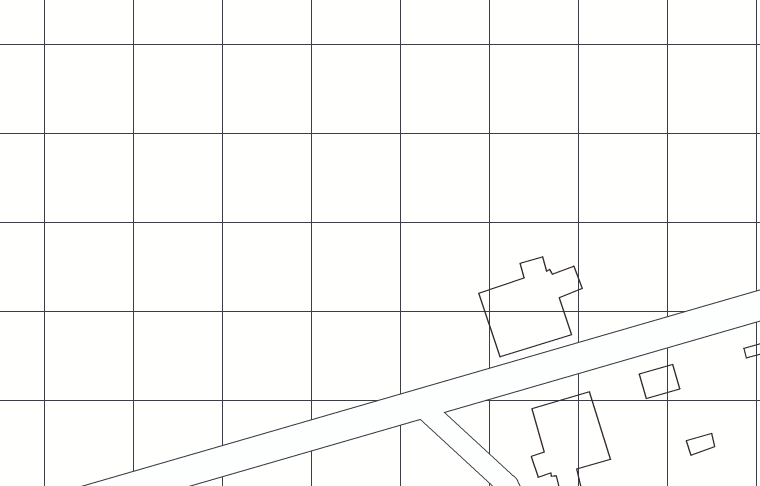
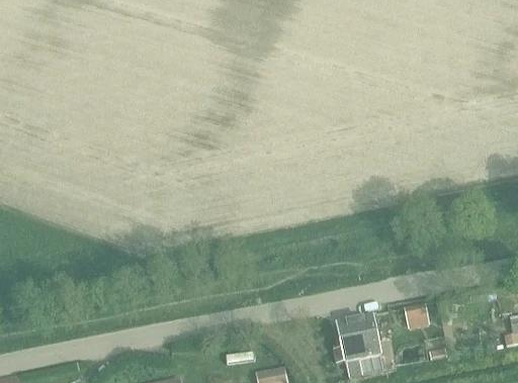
building: [479,257,582,357] -> none

